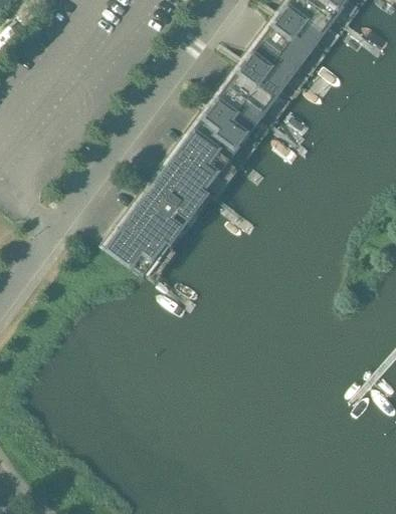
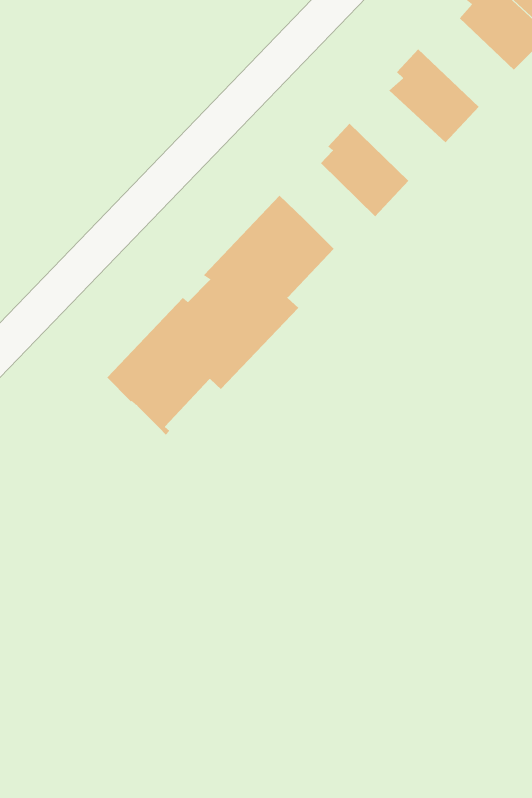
building: [261,18,318,67] -> none
building: [227,64,283,114] -> none
building: [192,110,248,161] -> none

